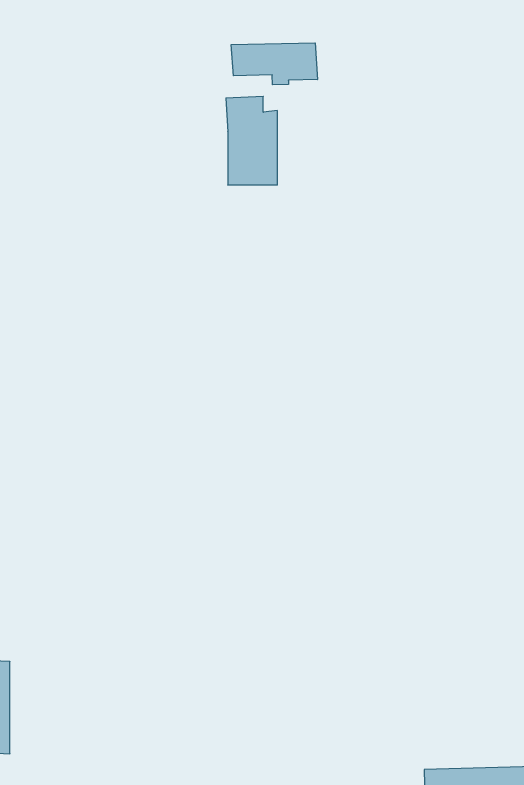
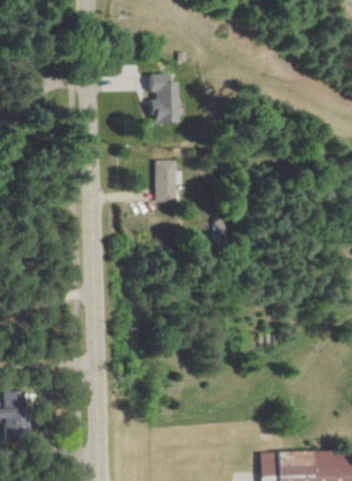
building: [231,43,317,85] -> none
building: none -> [155,160,176,203]

